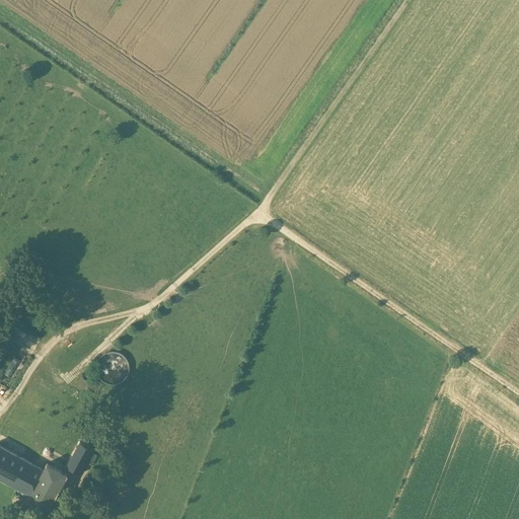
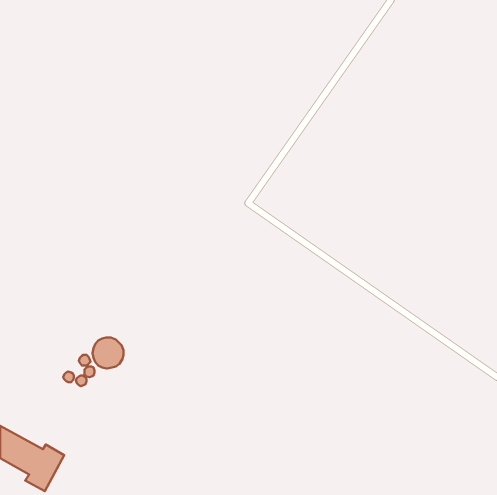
building: [65,443,93,476] -> none

